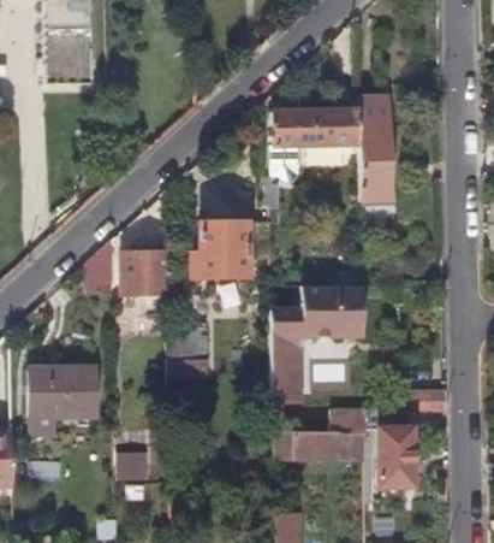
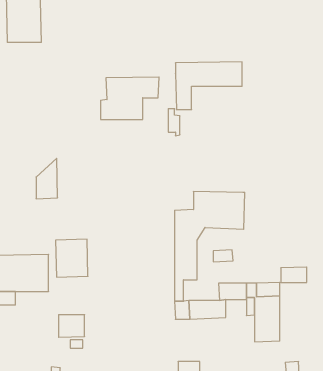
building: [358,98,392,200] -> none
building: [192,222,270,278] -> [101,77,159,119]
building: [124,250,167,293] -> none
building: [167,325,210,376] -> [56,239,88,277]

